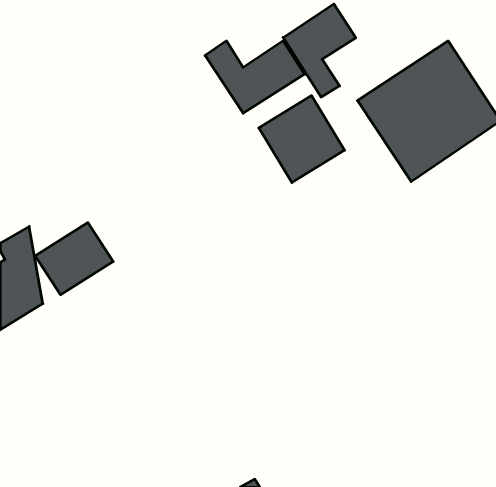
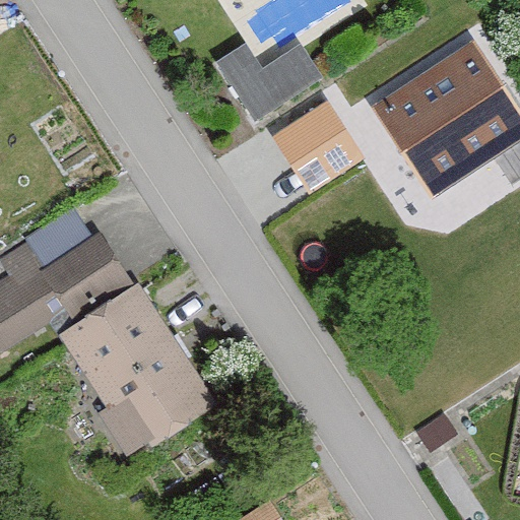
building: [283,4,356,97] -> none
building: none -> [60,281,210,451]

